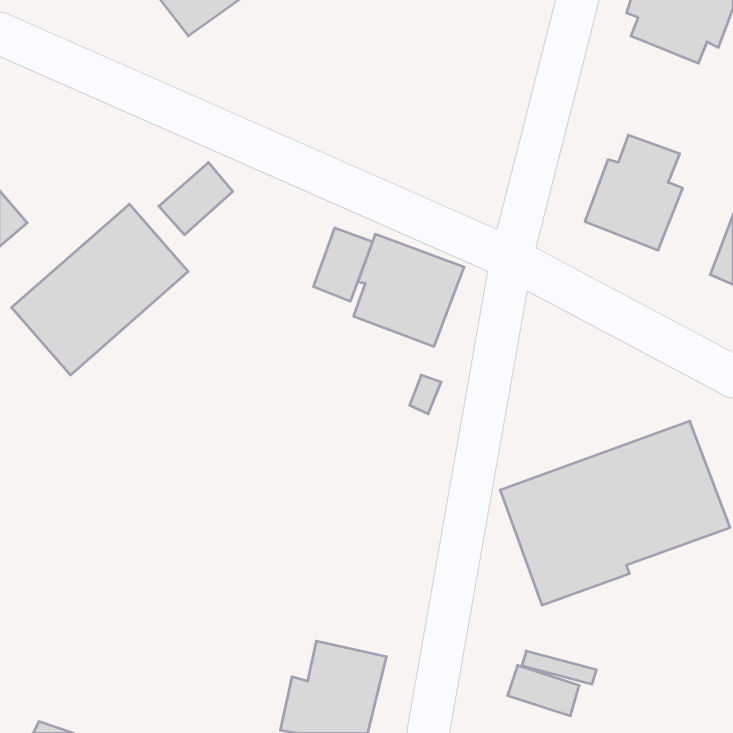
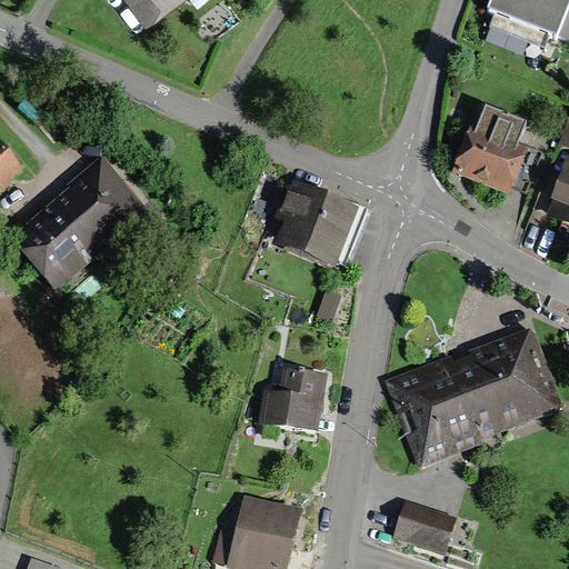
building: [159,162,233,235] -> none
building: [314,228,373,301] -> none
building: none -> [263,369,326,430]

